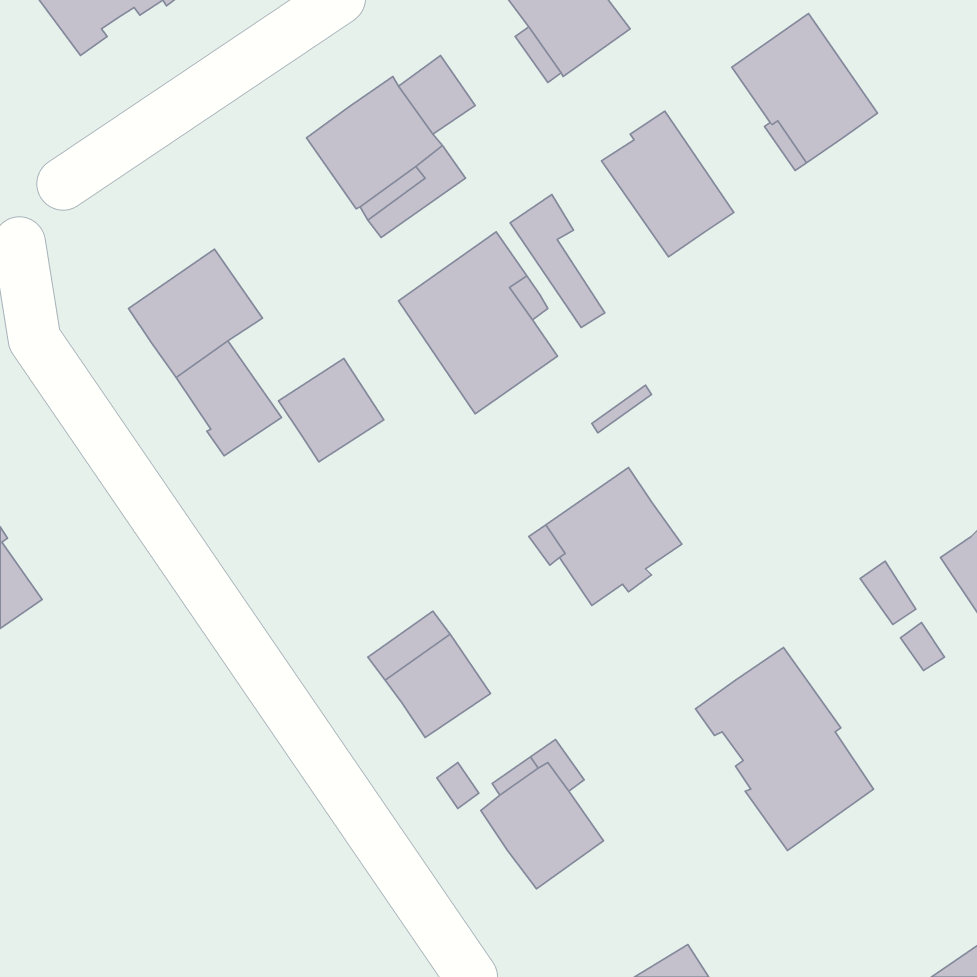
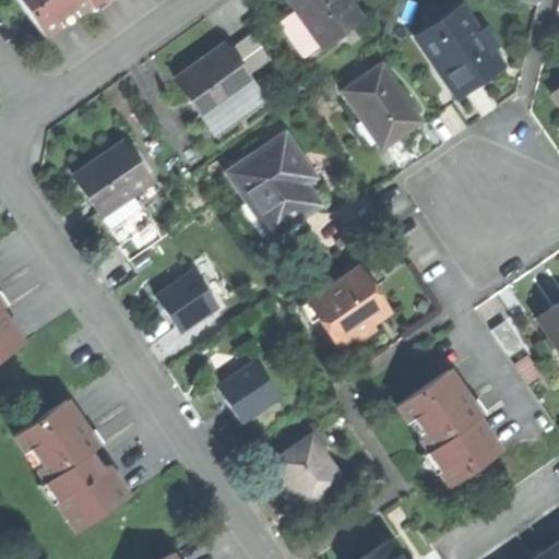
building: [510,194,605,327] -> none
building: [279,359,384,462] -> [159,271,219,330]
building: none -> [17,400,130,530]

